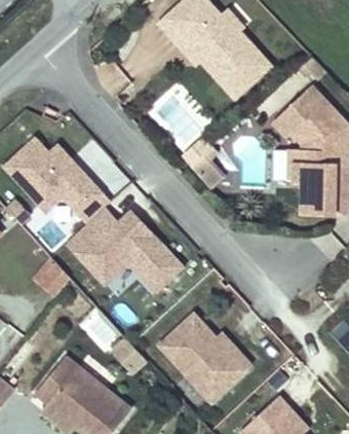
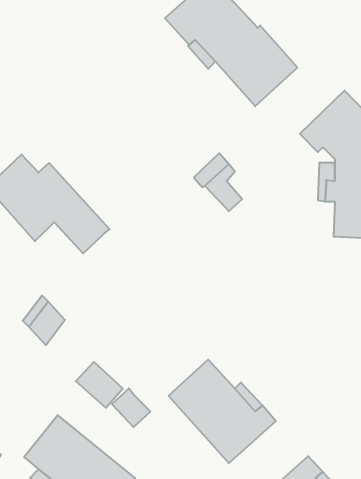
building: [66,205,184,289] -> none

